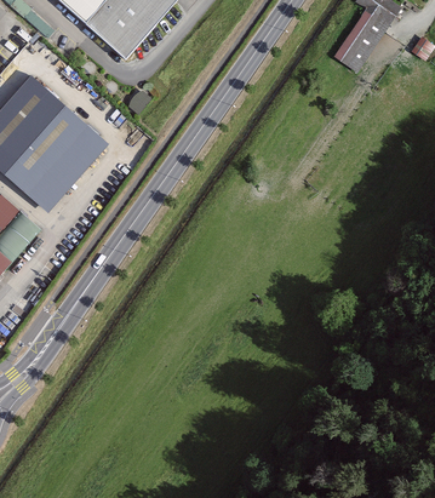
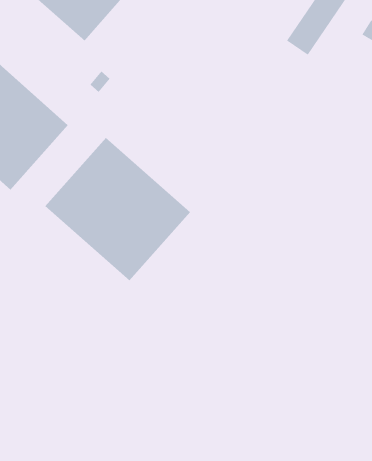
building: none -> [45,137,191,281]

